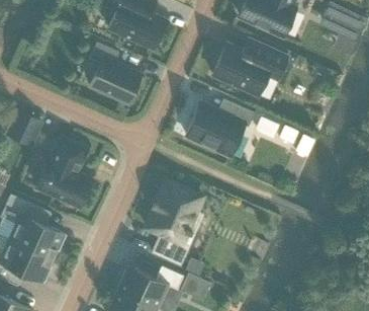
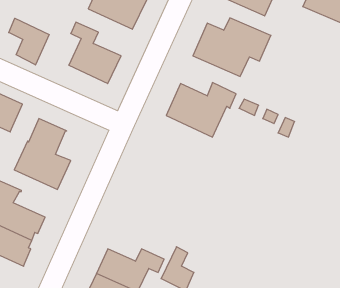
building: none -> [9,18,49,65]
building: [146,181,204,262] -> none

